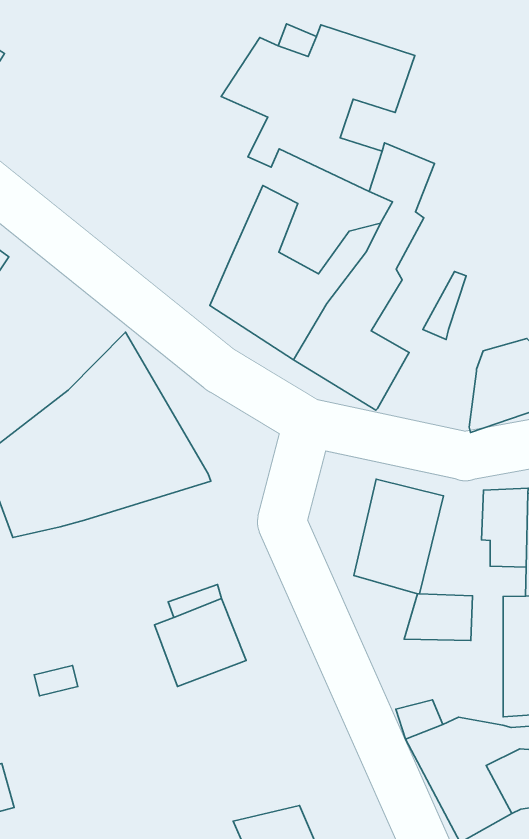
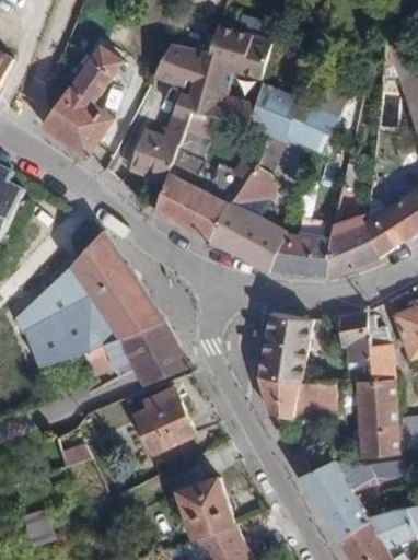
building: none -> [40,46,121,158]
building: none -> [131,114,187,179]
building: none -> [294,105,337,154]
building: none -> [266,233,327,276]
building: none -> [84,322,188,384]
building: none -> [257,375,300,420]
building: none -> [177,478,234,537]

